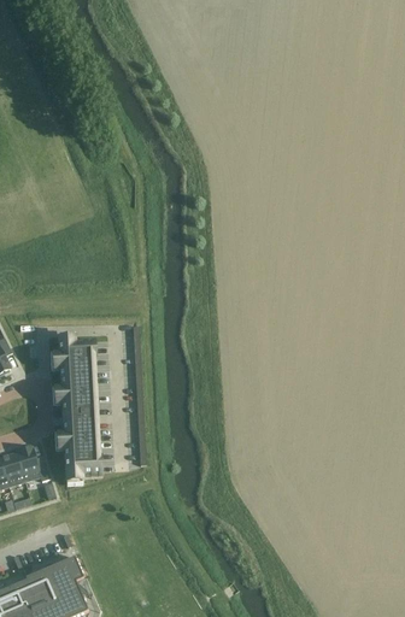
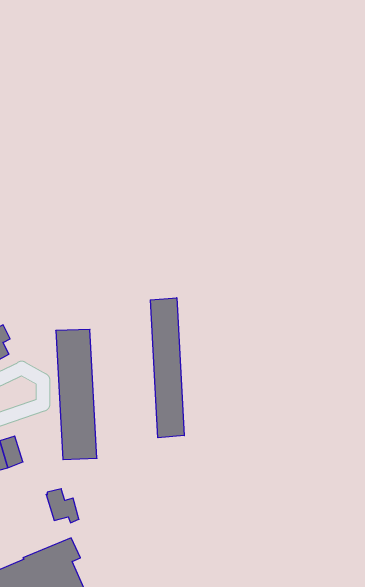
building: none -> [150,298,184,438]
building: [16,448,49,483] -> [46,489,79,523]

